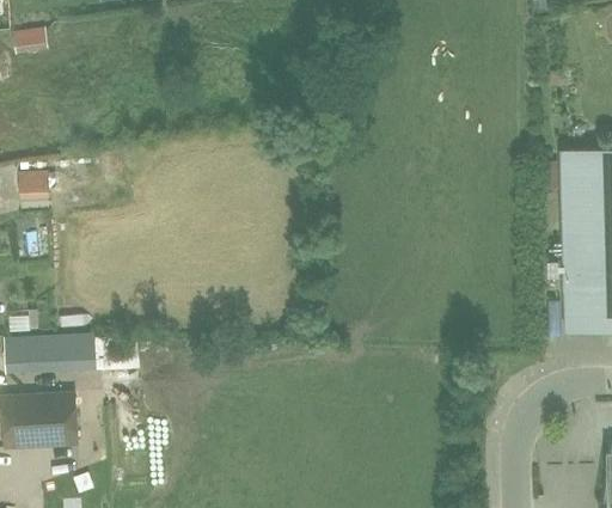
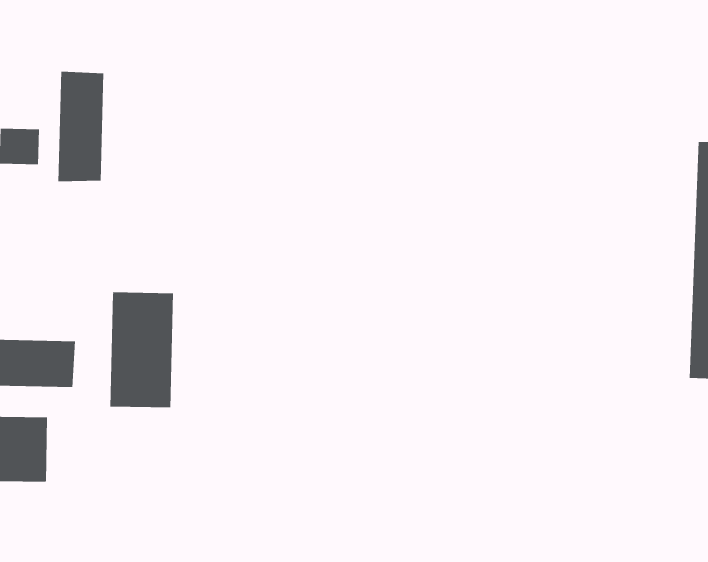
building: none -> [58,71,104,182]
building: none -> [110,292,173,408]

